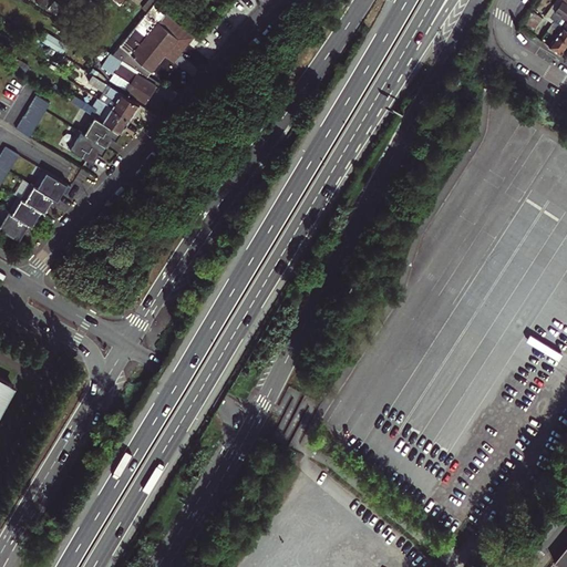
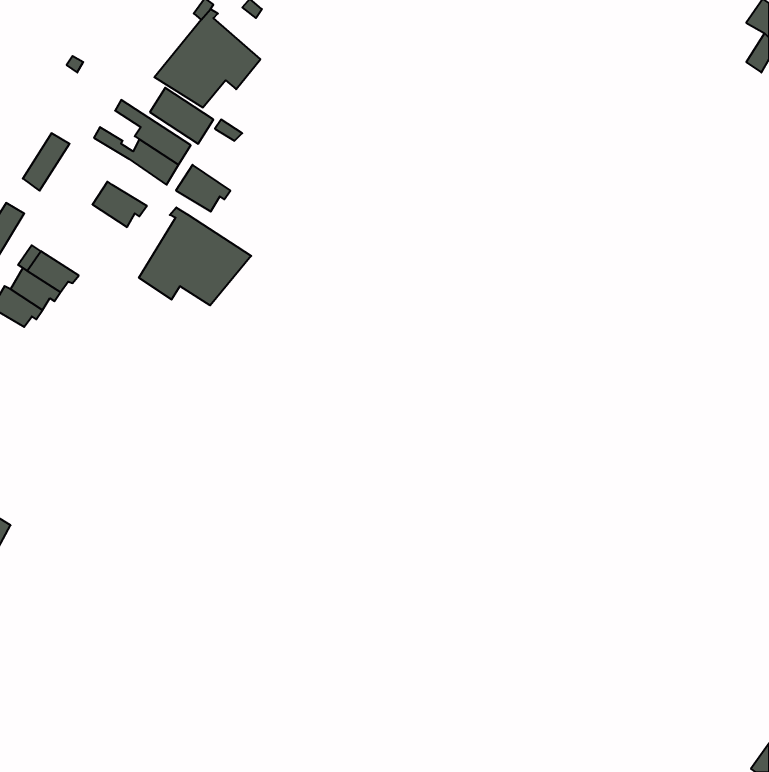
building: [82,116,122,151] -> [176,165,230,212]
building: none -> [139,207,251,305]
building: [33,172,70,202] -> none

